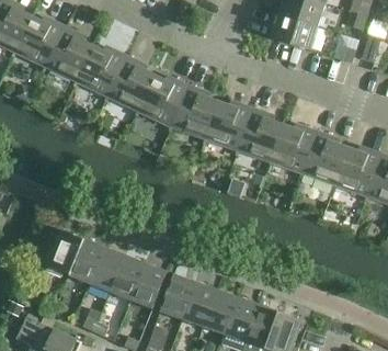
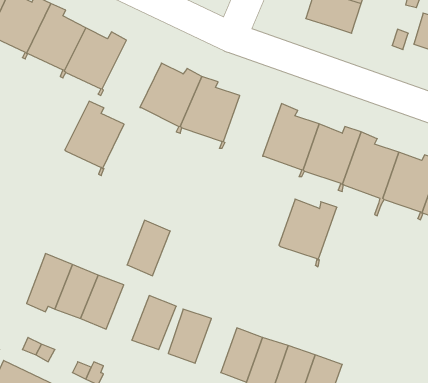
building: [107,55,156,115] -> [65,101,124,176]
building: [206,100,253,155] -> [279,199,337,267]
building: [111,253,146,298] -> [127,220,170,276]
building: [183,281,217,325] -> none

